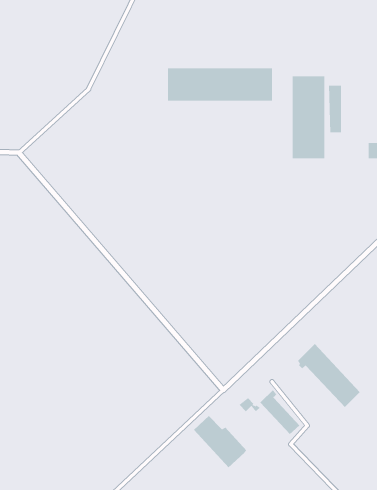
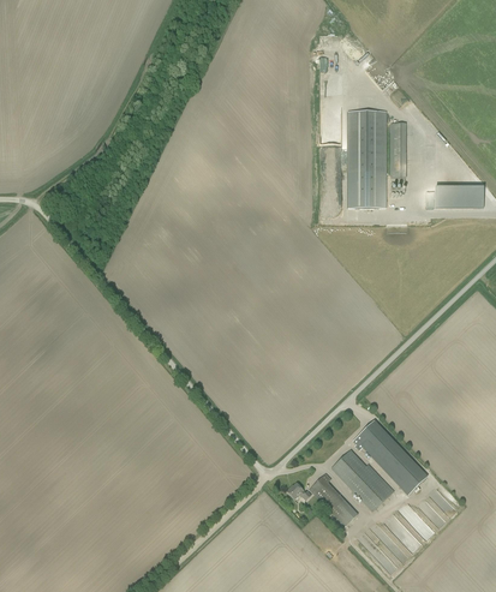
building: [168,68,273,101] -> none
building: [193,415,247,468] -> [331,449,394,510]

